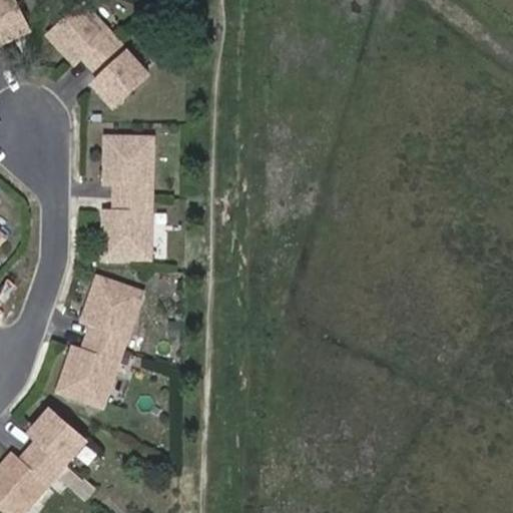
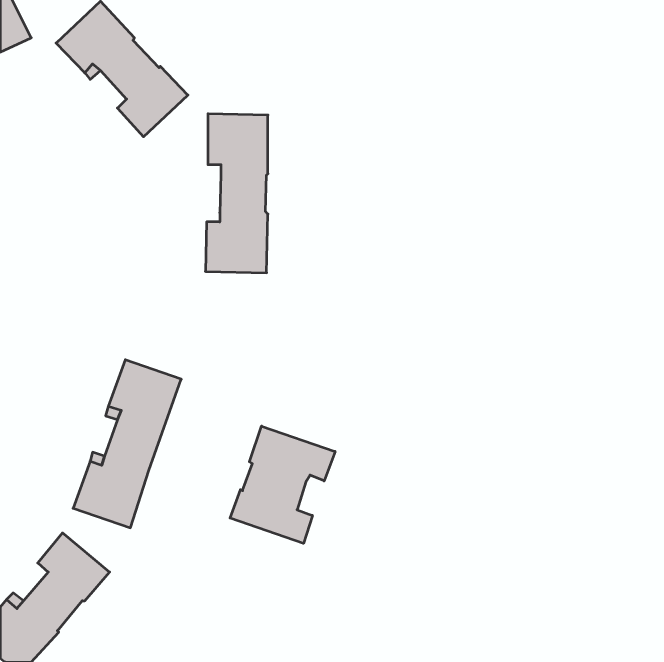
building: [102,135,150,258] -> [205,114,268,273]
building: none -> [230,426,335,543]

